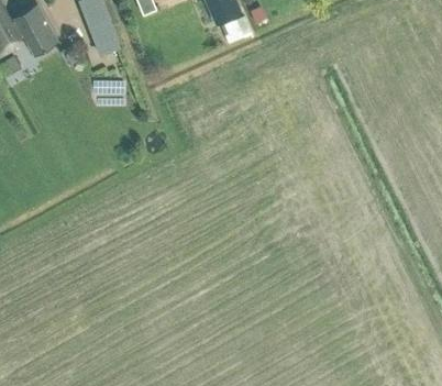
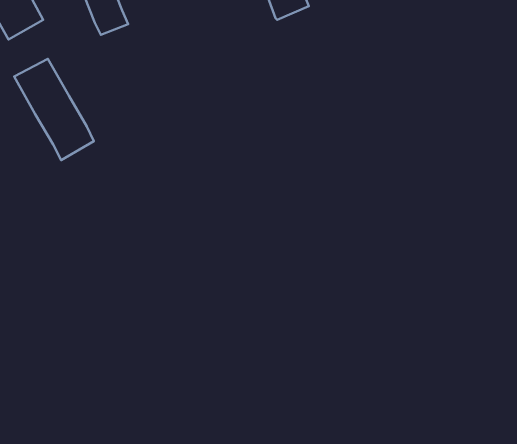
building: none -> [14,59,94,160]

